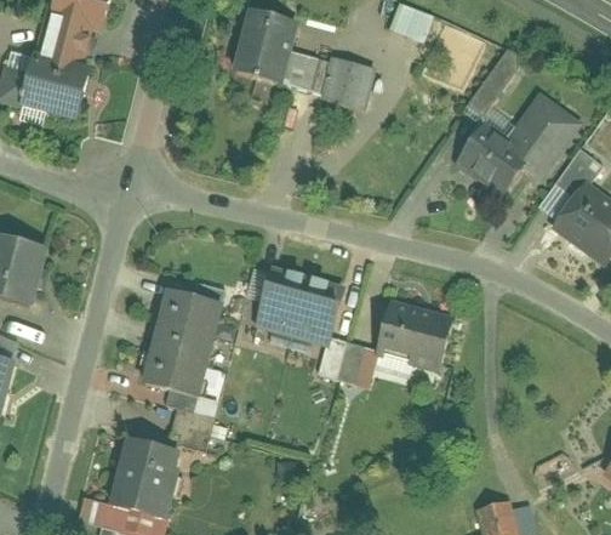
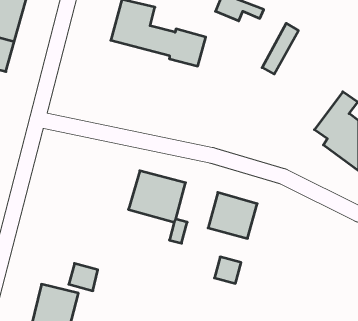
building: [453,90,582,197] -> none
building: [143,291,221,394] -> none
building: [337,345,377,385] -> [214,257,241,283]

